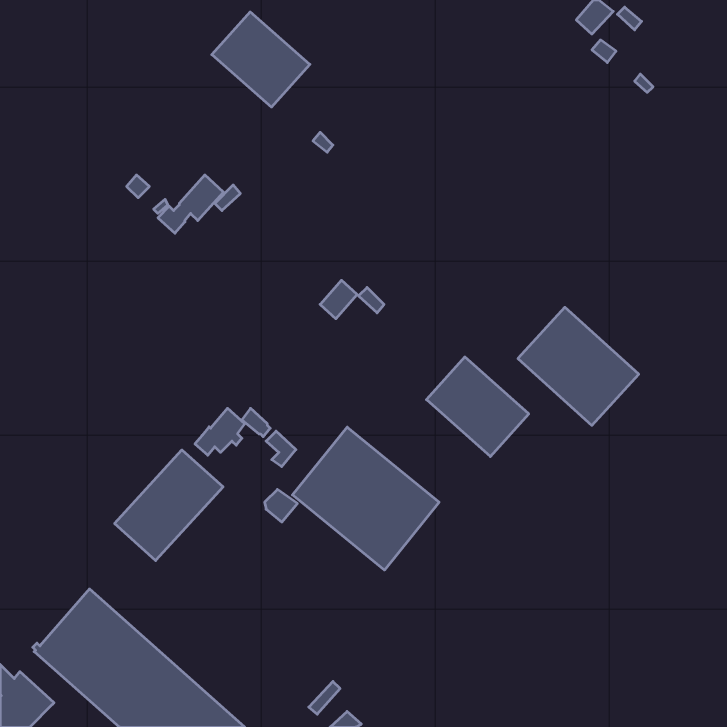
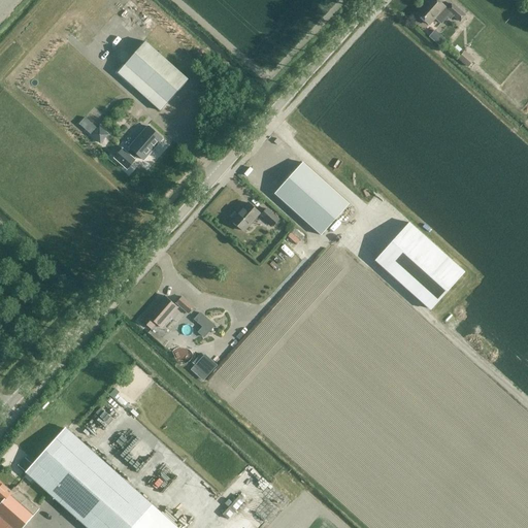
building: [212,12,310,107] -> [118,42,189,111]
building: [426,357,529,457] -> [274,163,349,235]
building: [292,427,439,570] -> none
building: [115,450,223,561] -> none

